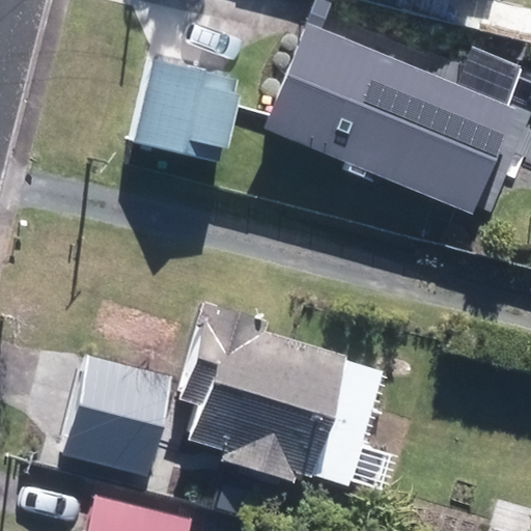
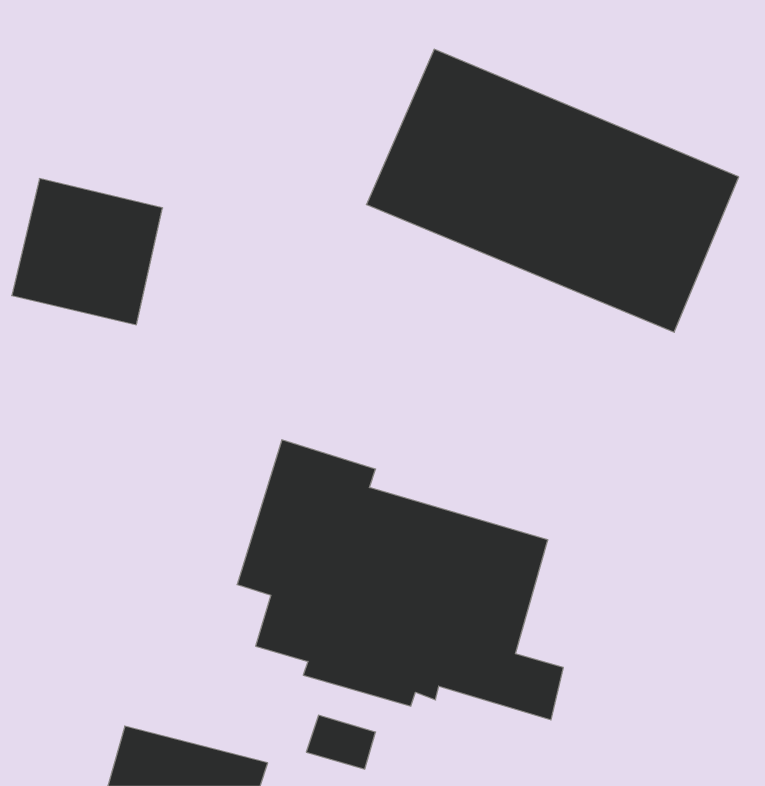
building: [133,71,234,169] -> [12,179,163,325]
building: [73,355,175,458] -> none

